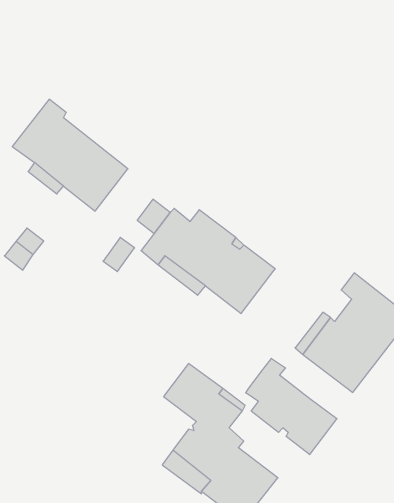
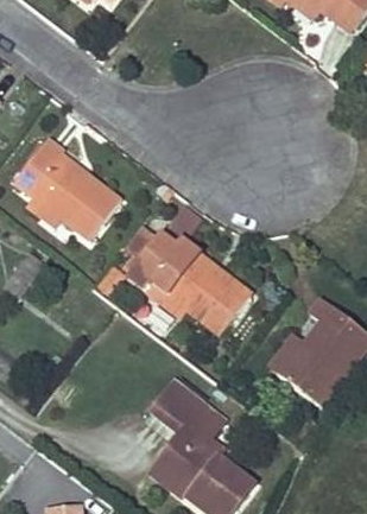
building: [246,358,337,455] -> none

